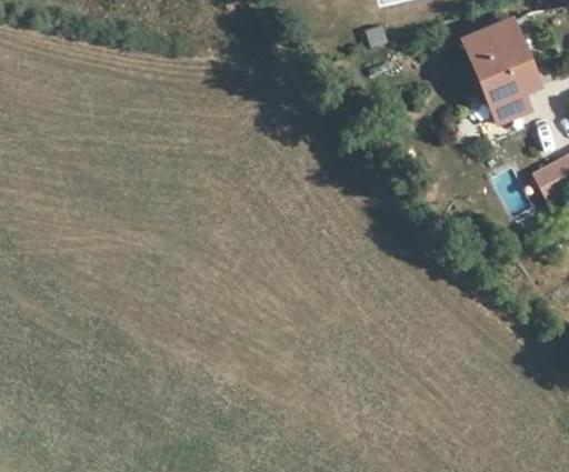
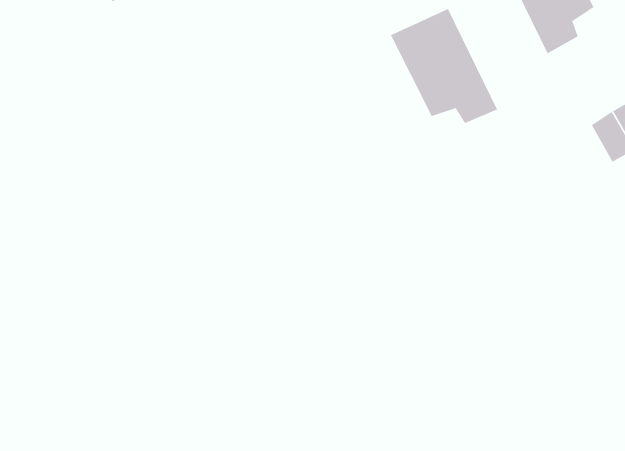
building: none -> [390,8,498,124]

